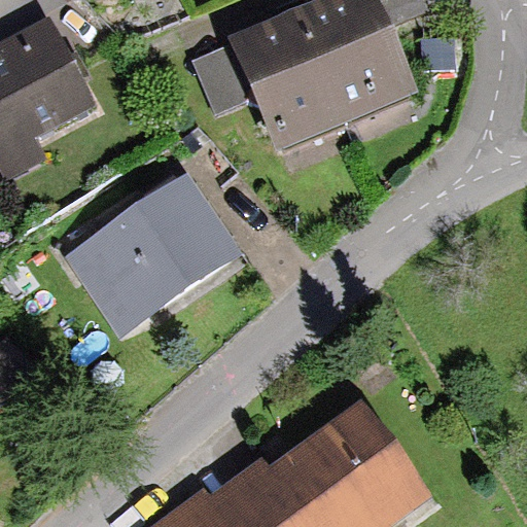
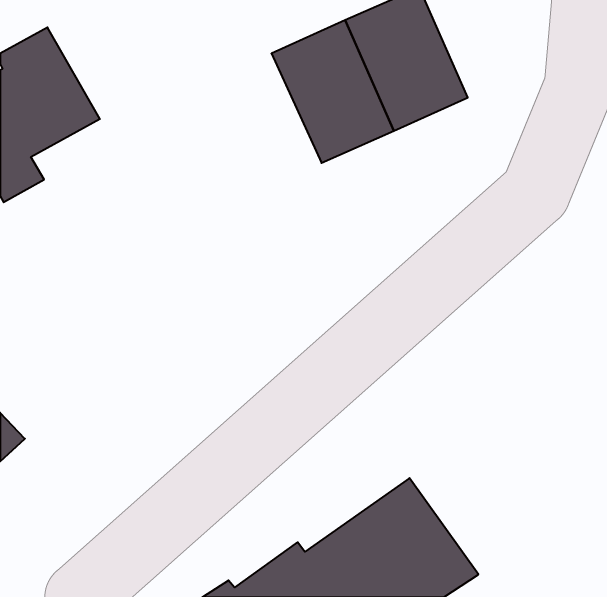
building: [70,183,232,331] -> none

